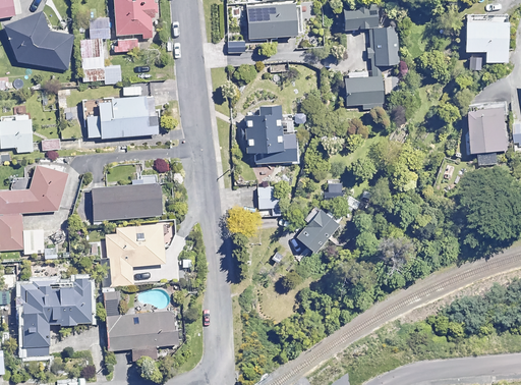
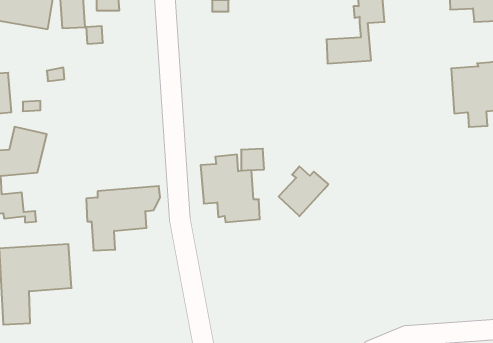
building: [86,93,156,138] -> none
building: [242,102,300,168] -> [201,155,260,222]
building: [91,182,161,220] -> none
building: [103,291,175,362] -> none

